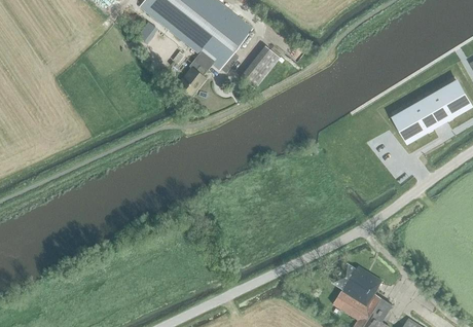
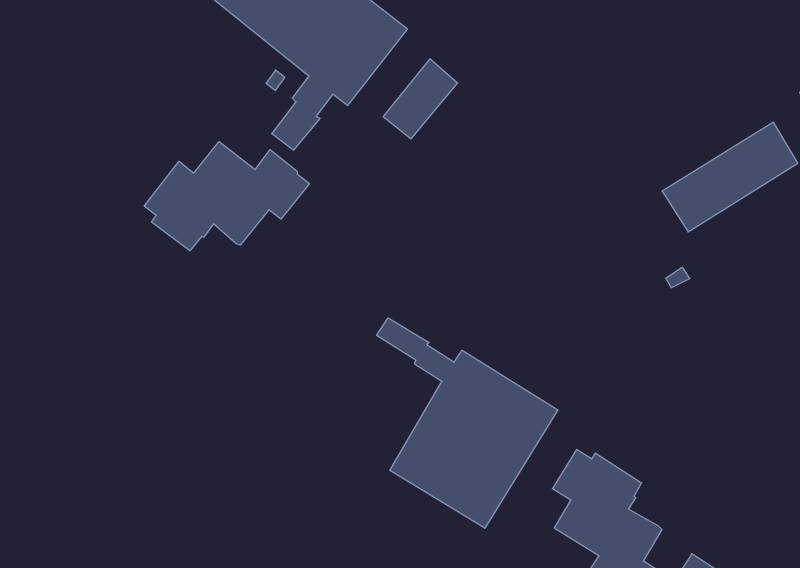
building: none -> [144,142,309,251]
building: none -> [377,318,558,528]

